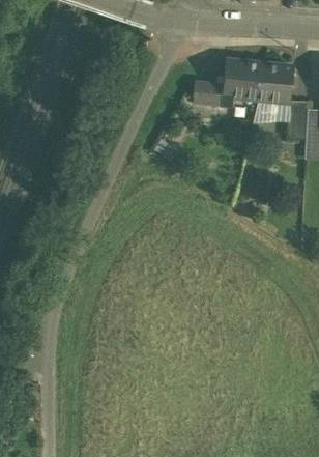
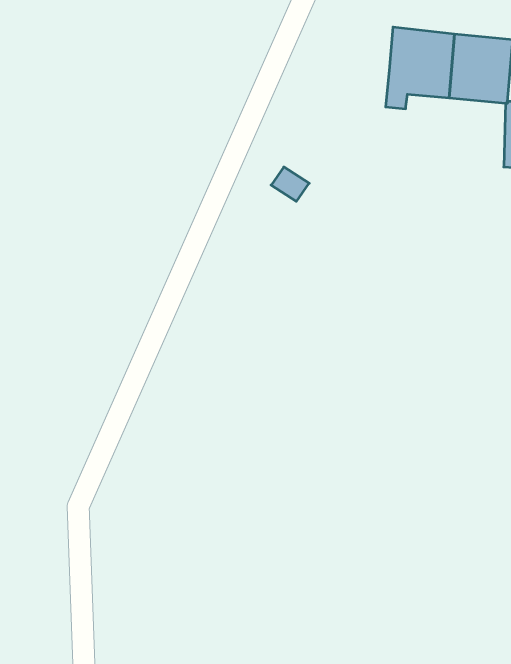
building: [193,81,223,104] -> none

